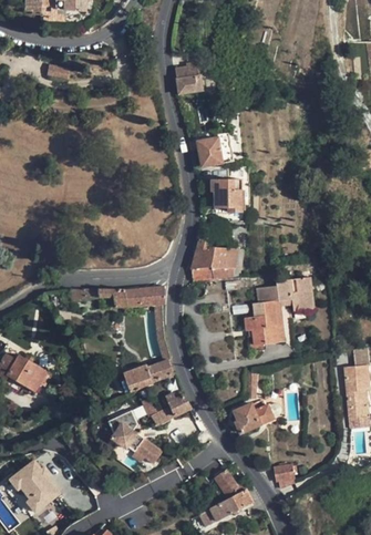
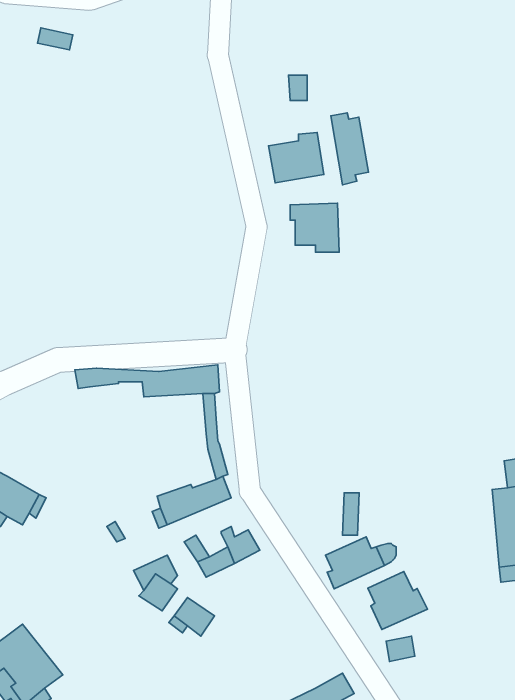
building: [175,63,204,94] -> none
building: none -> [331,113,368,185]
building: [192,232,238,280] -> none
building: [245,277,313,344] -> none
building: none -> [368,572,427,630]
building: [214,469,247,498] -> none

